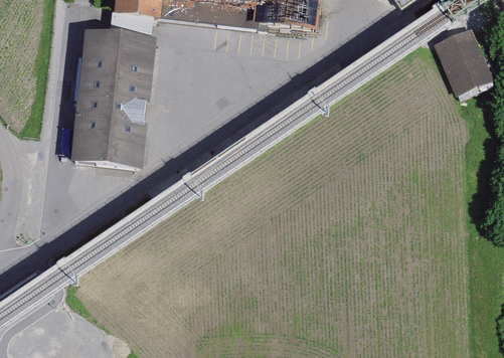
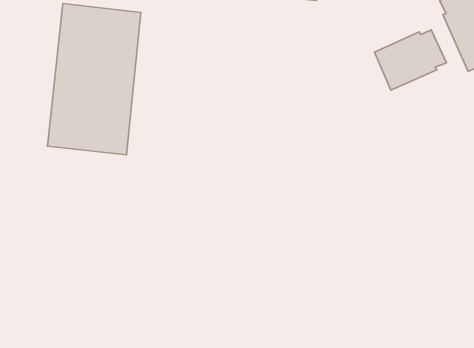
building: none -> [375,30,446,90]

